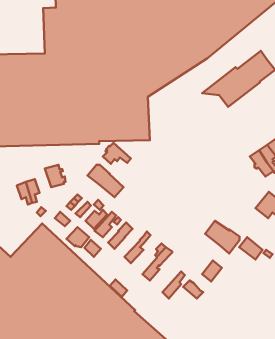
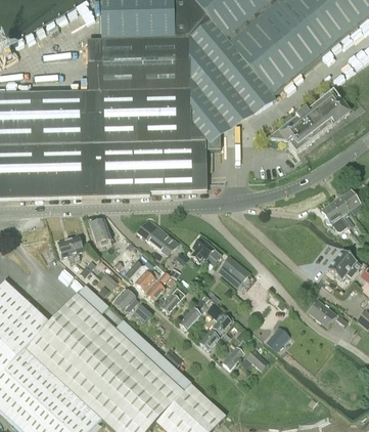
building: [103,143,131,164] -> [188,237,220,261]
building: none -> [217,256,249,287]
building: [205,221,240,254] -> none

